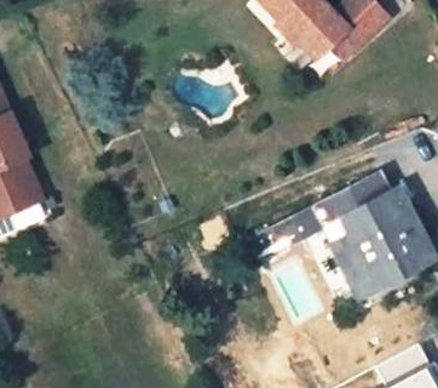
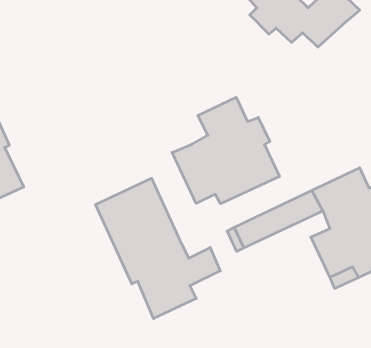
building: none -> [172,97,279,204]
building: none -> [96,178,220,319]

